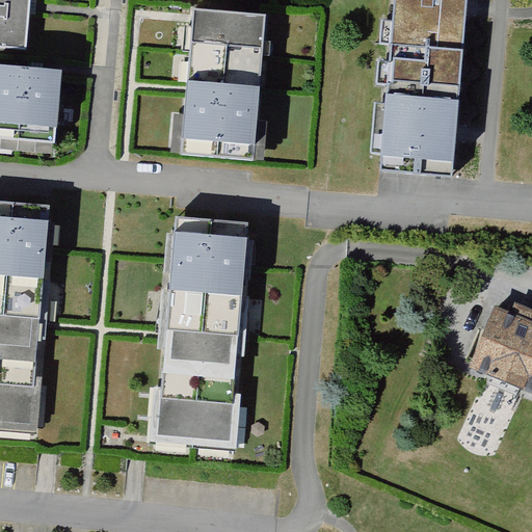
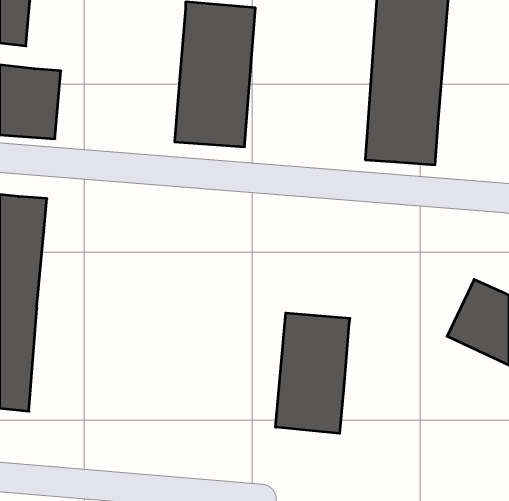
building: [156,219,249,446] -> none
building: none -> [276,313,350,433]

